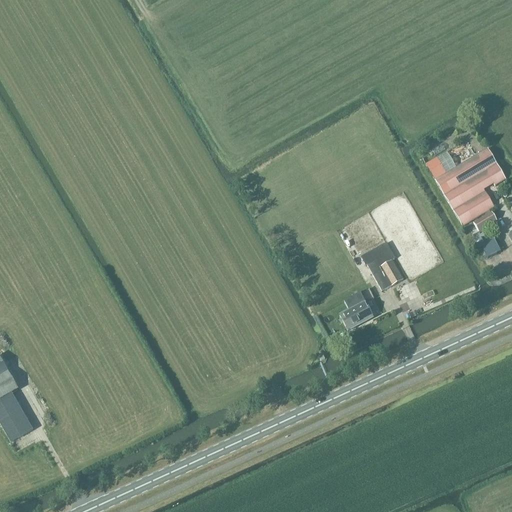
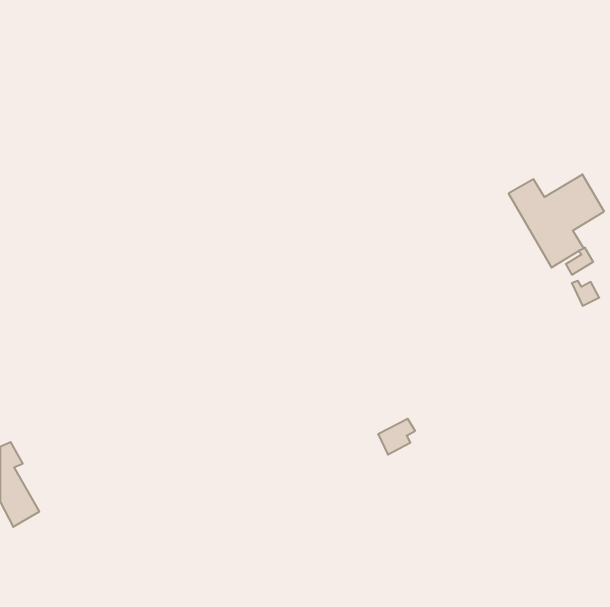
building: [361,241,404,290] -> none
building: [340,300,371,330] -> [378,419,415,455]

